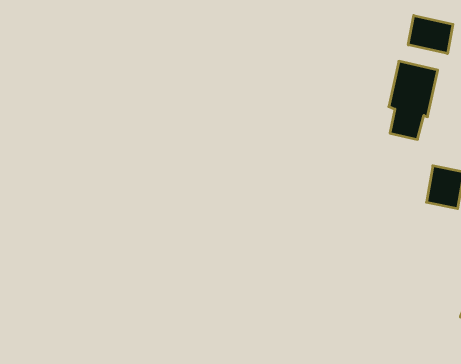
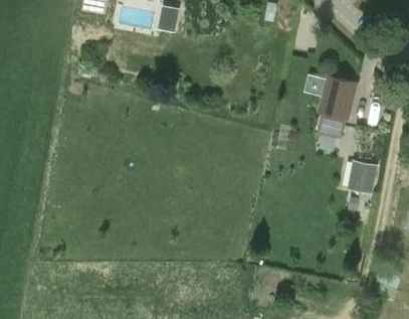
building: [408,15,453,54] -> none

